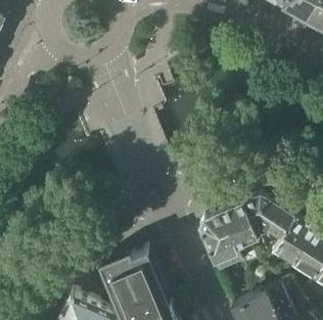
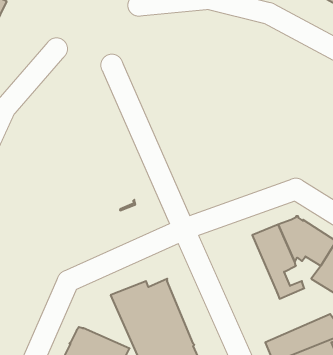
building: [199,212,242,271] -> none

